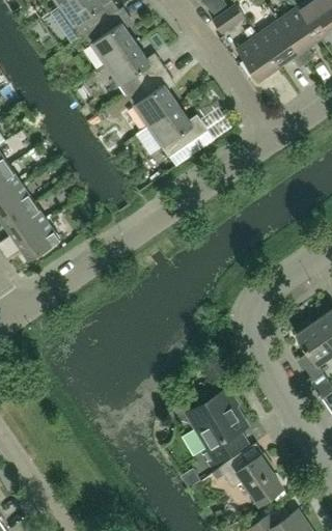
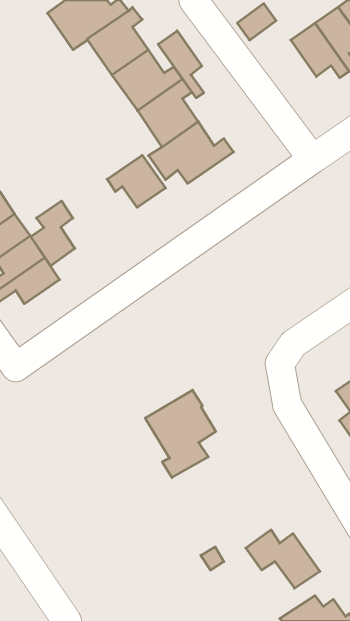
building: none -> [158,31,204,98]
building: [236,34,278,80] -> none
building: none -> [107,155,166,207]
building: none -> [31,201,75,266]
building: [187,390,247,465] -> [145,390,216,478]

